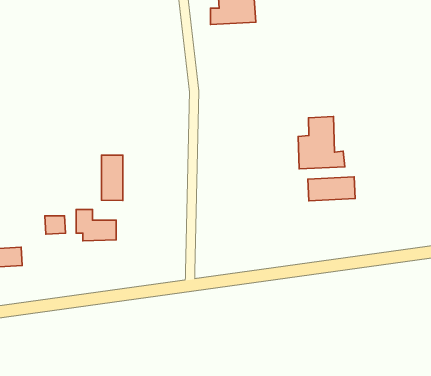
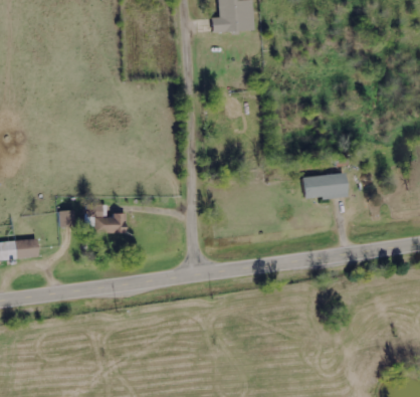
building: [298,117,345,169] -> none
building: [101,155,123,200] -> none

